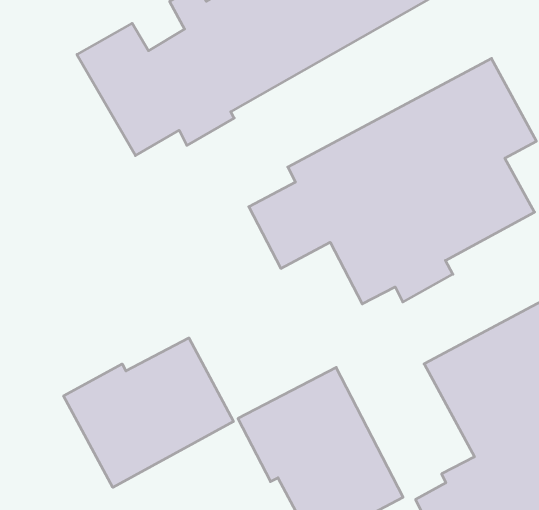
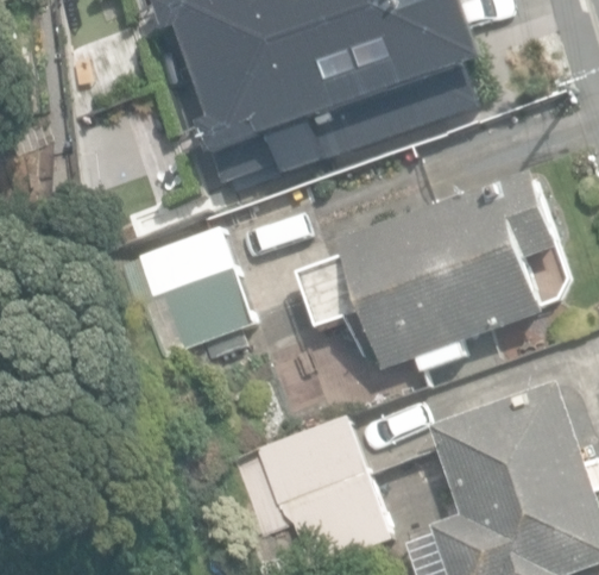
building: none -> [134,221,252,352]
building: [64,338,233,487] -> none

